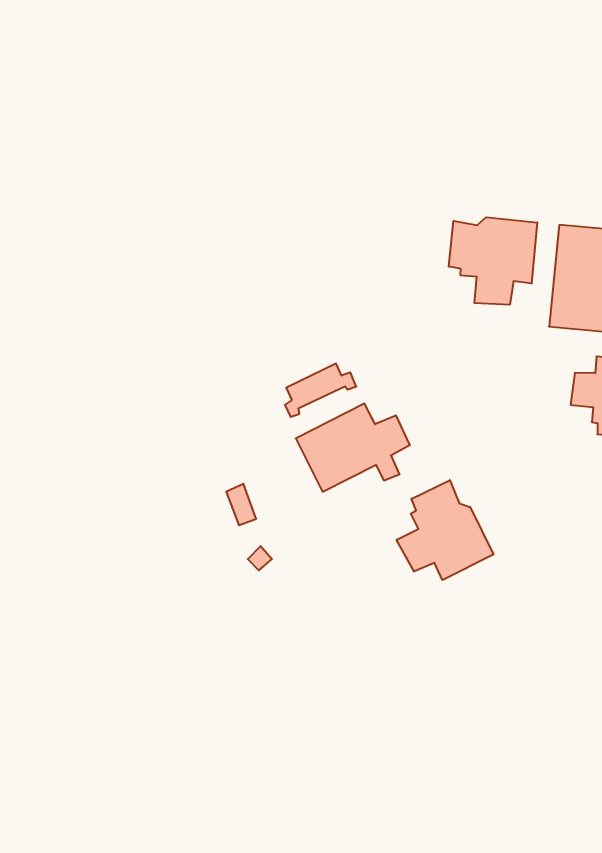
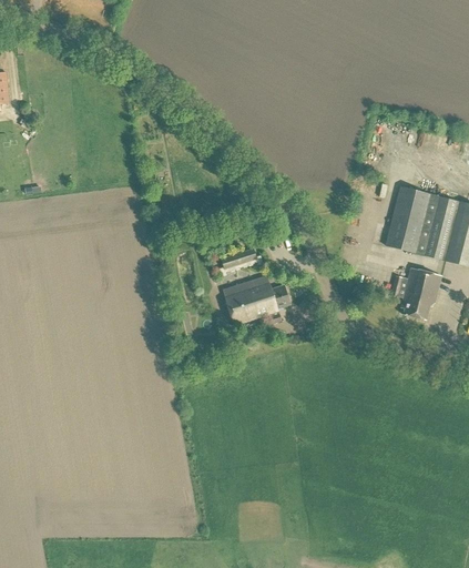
building: [449,217,537,305] -> none
building: [397,480,494,580] -> none

